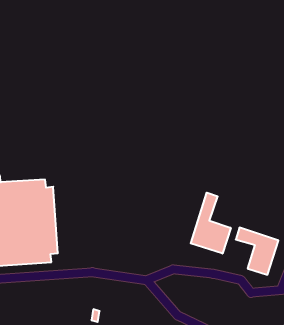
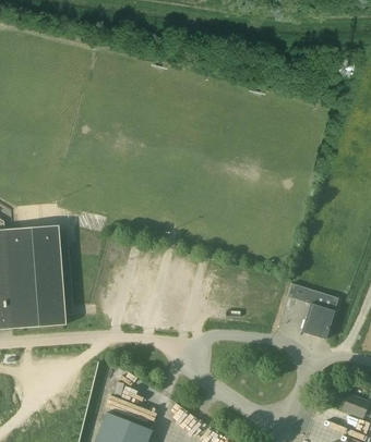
building: [191,193,231,254] -> none

